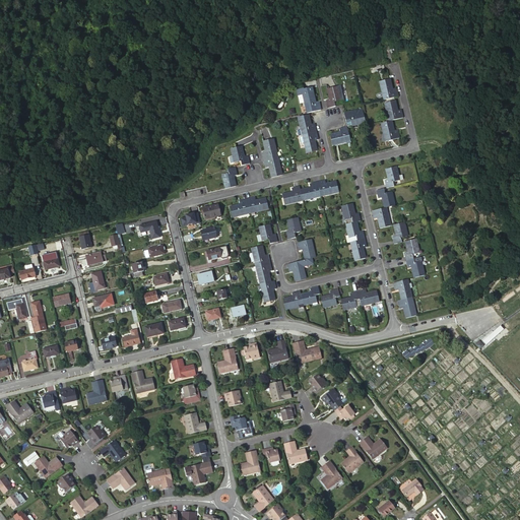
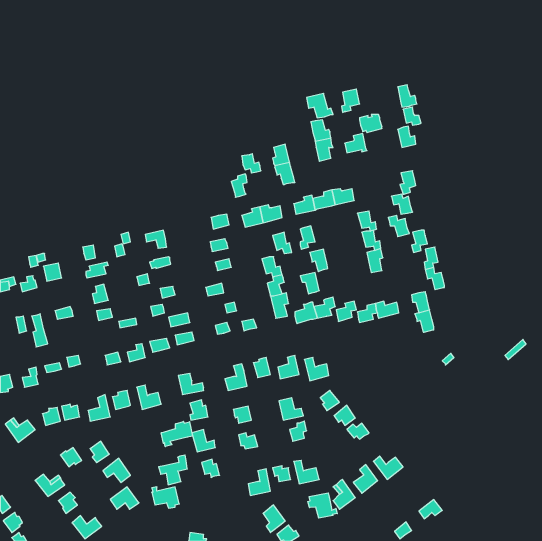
building: none -> [161,421,192,447]
building: [184,455,211,483] -> [159,455,187,485]
building: none -> [308,493,337,518]

